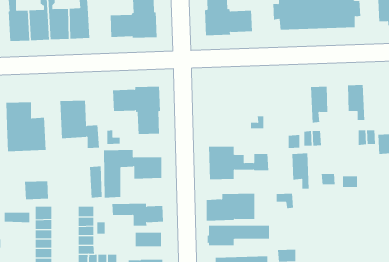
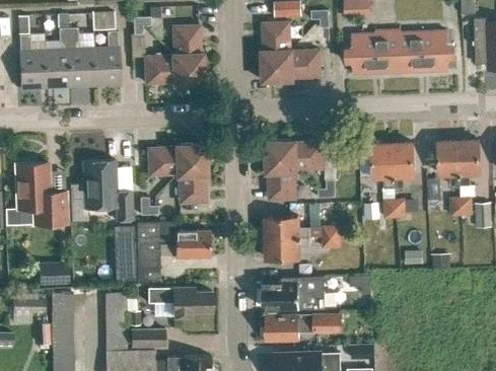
building: none -> [266,141,326,201]
building: none -> [458,142,481,187]
building: [292,153,310,189] -> [372,145,395,190]
building: [135,232,162,247] -> [131,329,164,348]

